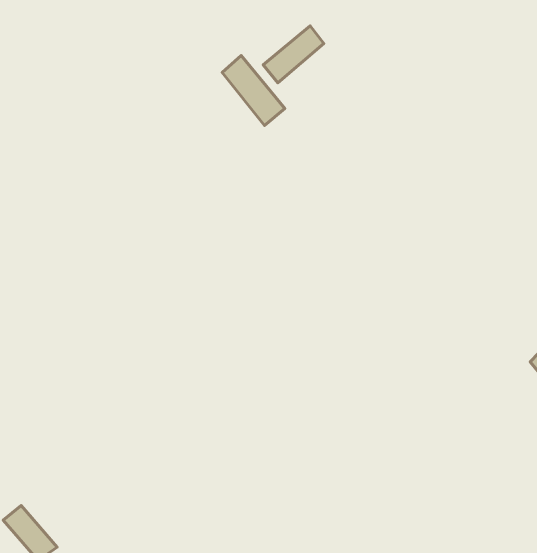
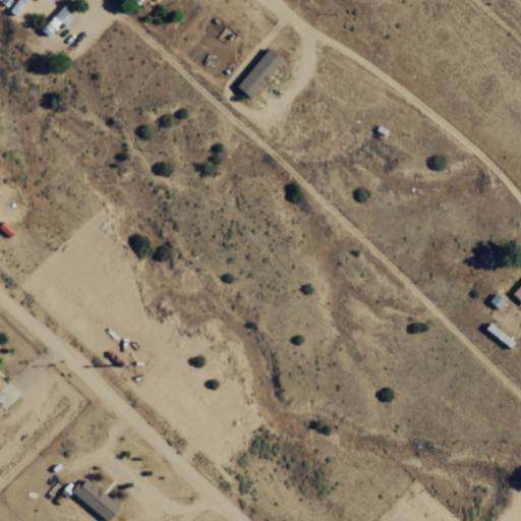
building: [222,55,285,125] -> none

